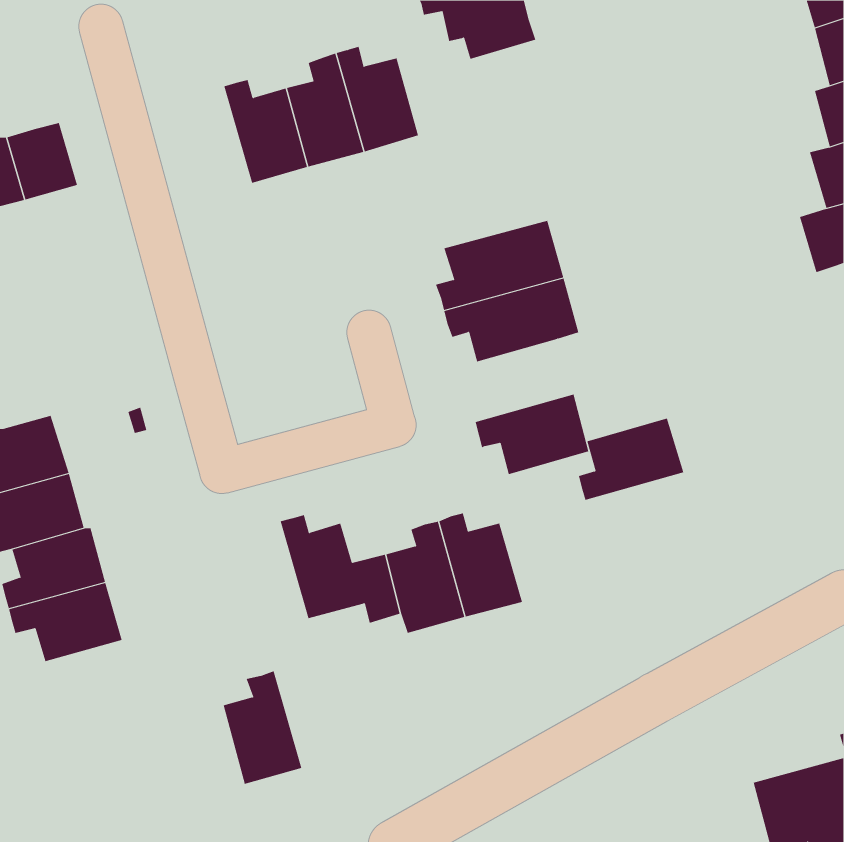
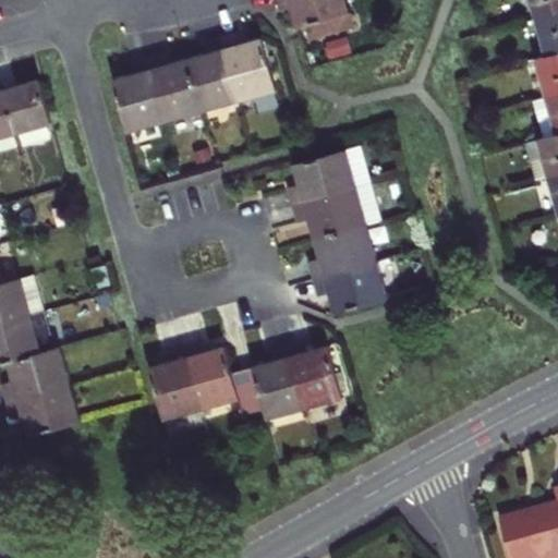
building: none -> [113,59,166,134]
building: [578,418,684,501] -> [308,226,378,280]
building: [223,670,302,785] -> [150,345,203,421]

